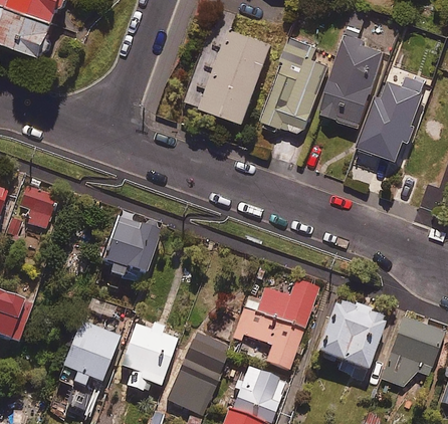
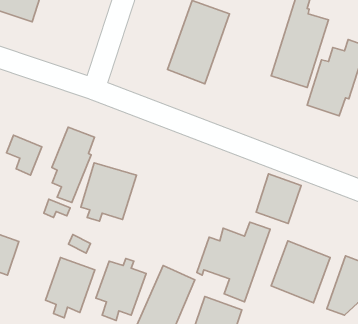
building: [261,39,326,135] -> none
building: none -> [52,127,95,203]
building: none -> [256,174,301,224]

